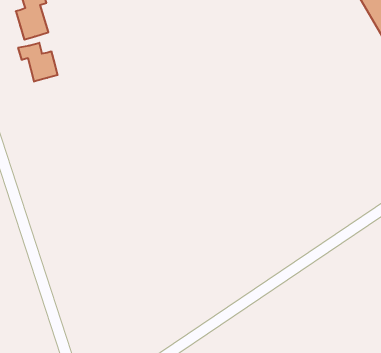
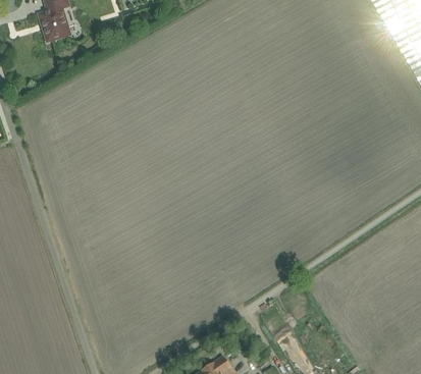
building: [18,43,58,82] -> none

